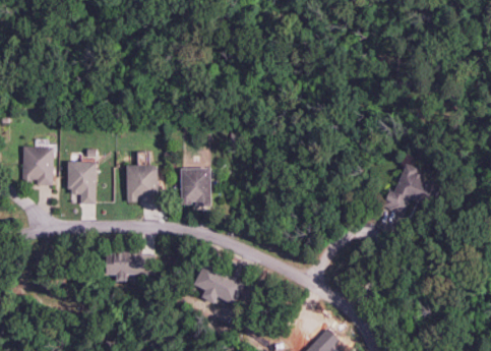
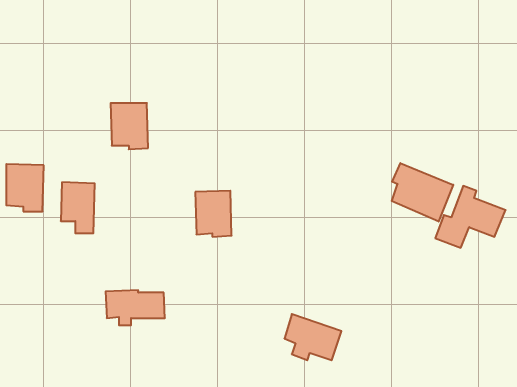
building: none -> [392,163,453,222]
building: [126,165,158,203] -> [111,103,148,149]
building: [195,265,243,303] -> [284,314,341,360]

